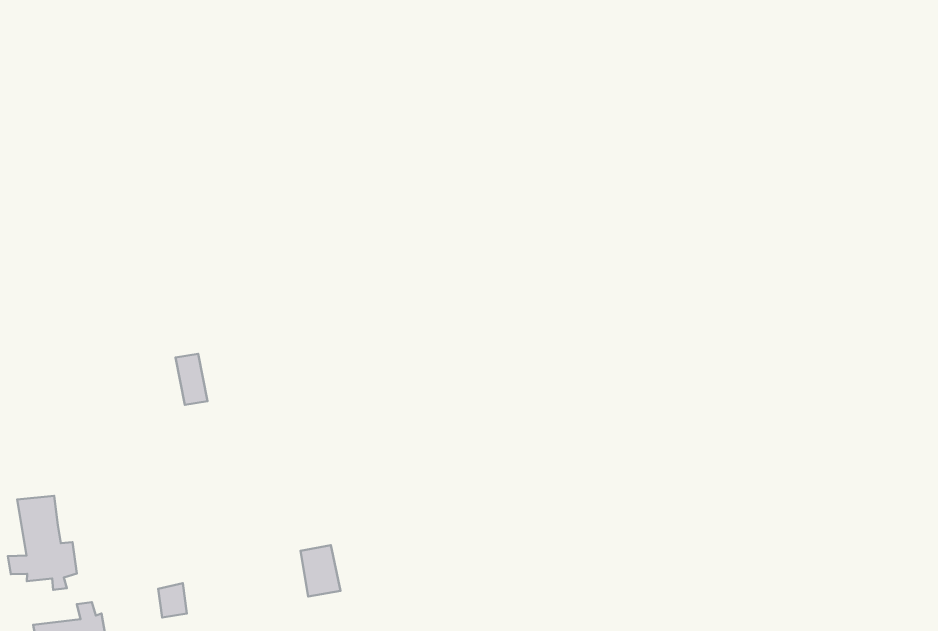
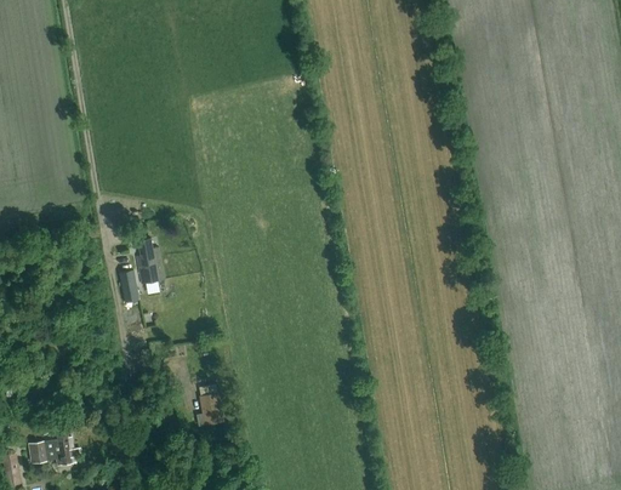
building: none -> [136,238,164,283]
building: [8,496,77,590] -> none

